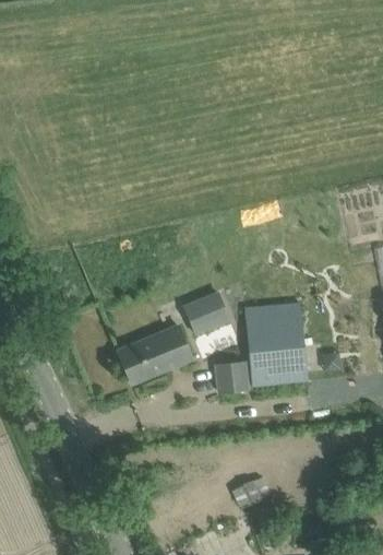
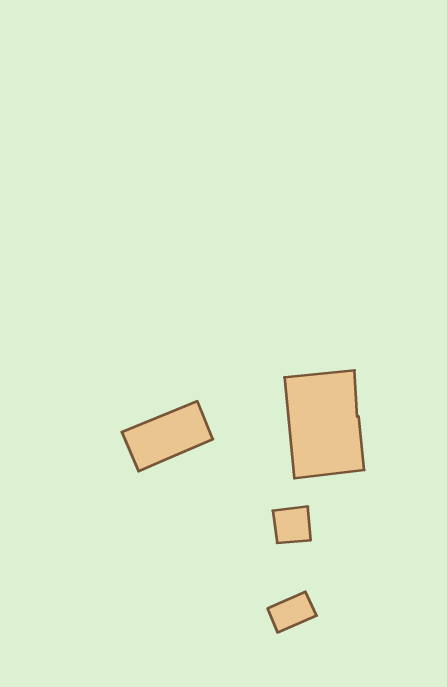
building: [181,296,225,335] -> none
building: [217,363,247,391] -> [273,507,311,543]

